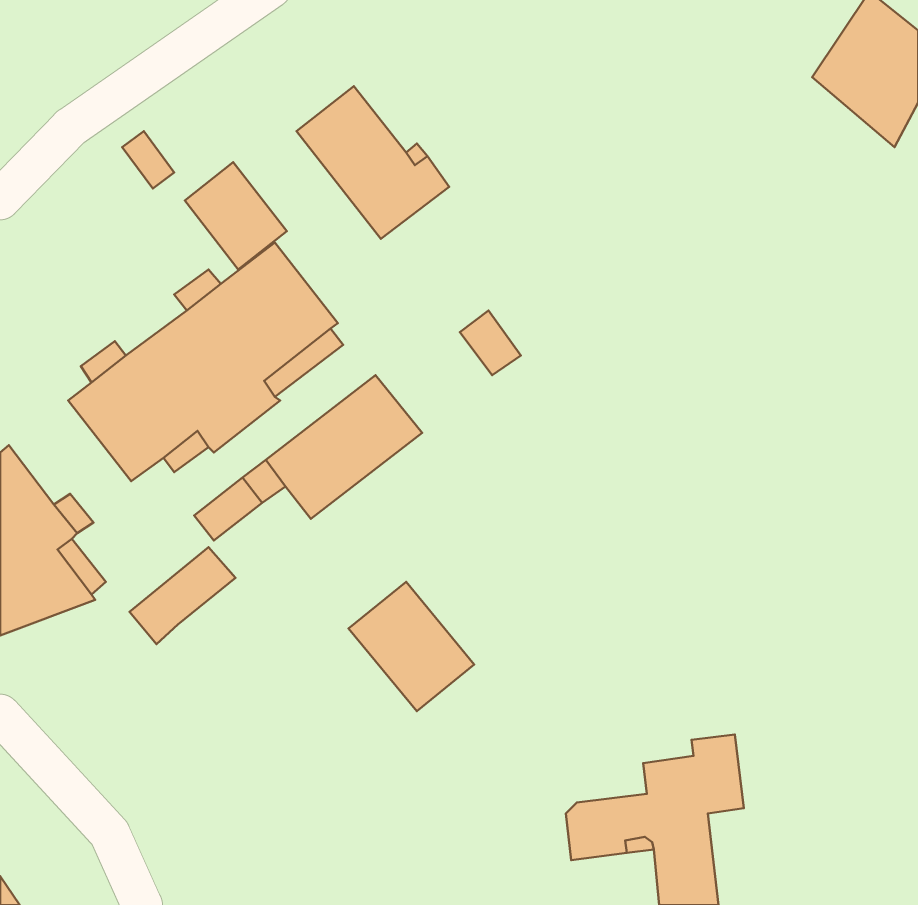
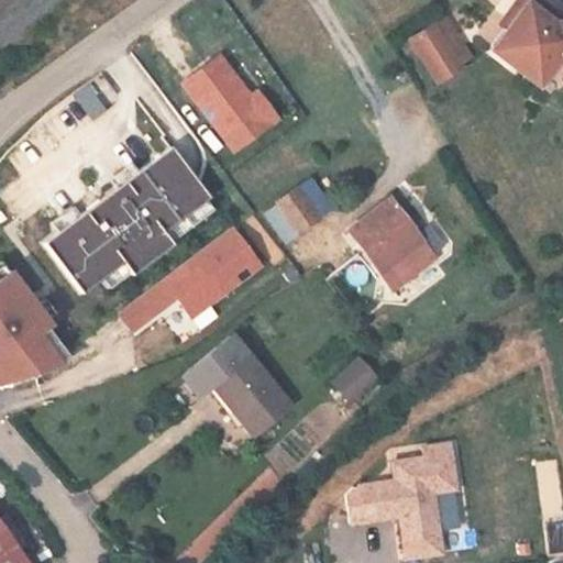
building: none -> [416,20,473,81]
building: [185,162,287,269] -> none
building: none -> [351,201,435,290]
building: [129,547,235,644] -> [184,338,249,397]
building: none -> [332,355,376,398]

